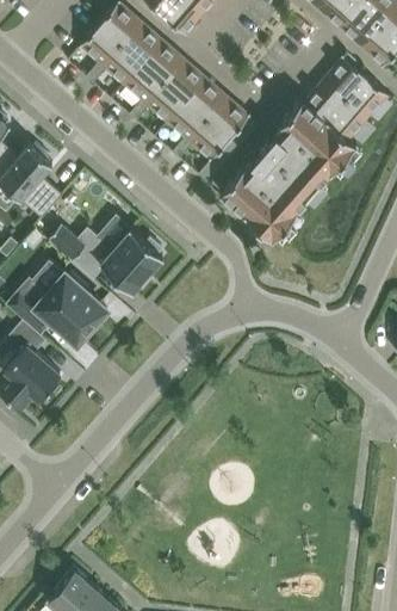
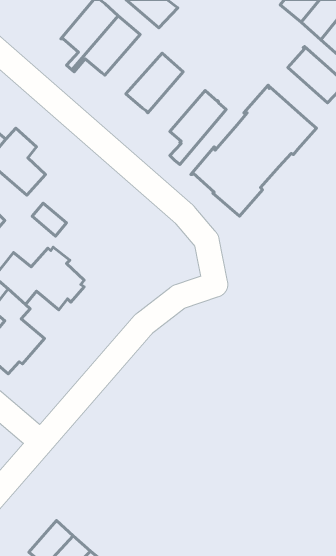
building: [126,43,188,122] -> none
building: [305,79,367,138] -> none
building: [172,84,235,159] -> none
building: [89,229,162,292] -> none

